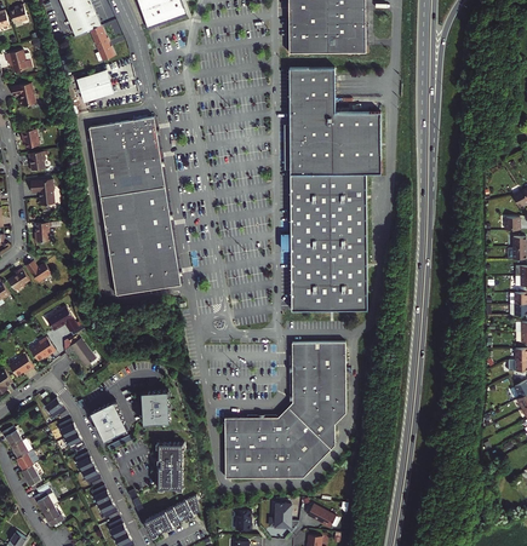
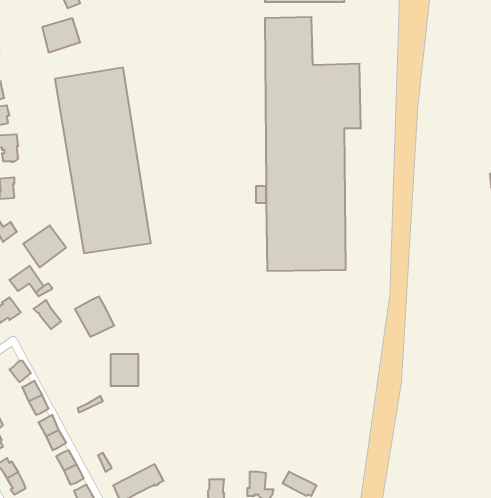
building: none -> [23,225,66,267]
building: [224,343,345,478] -> none
building: [92,397,130,436] -> [75,296,114,337]
building: [157,441,181,485] -> none

